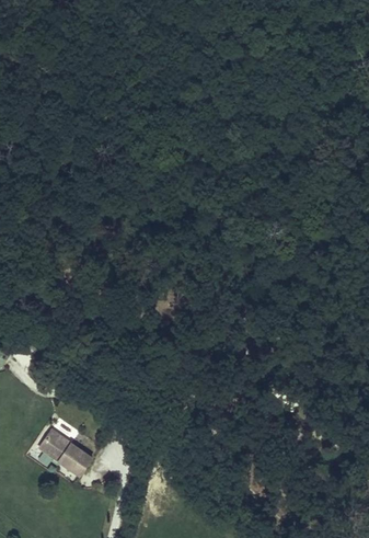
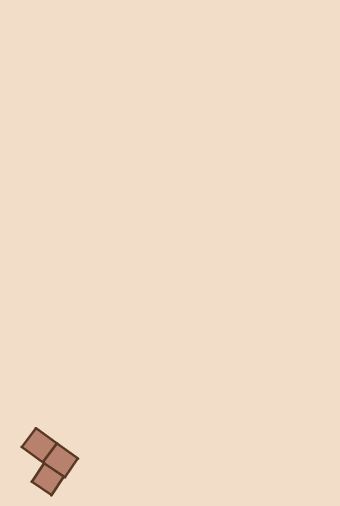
building: none -> [32,463,64,495]

